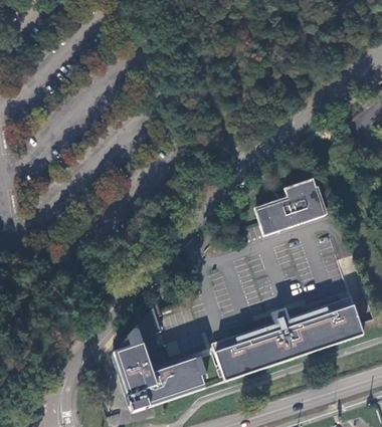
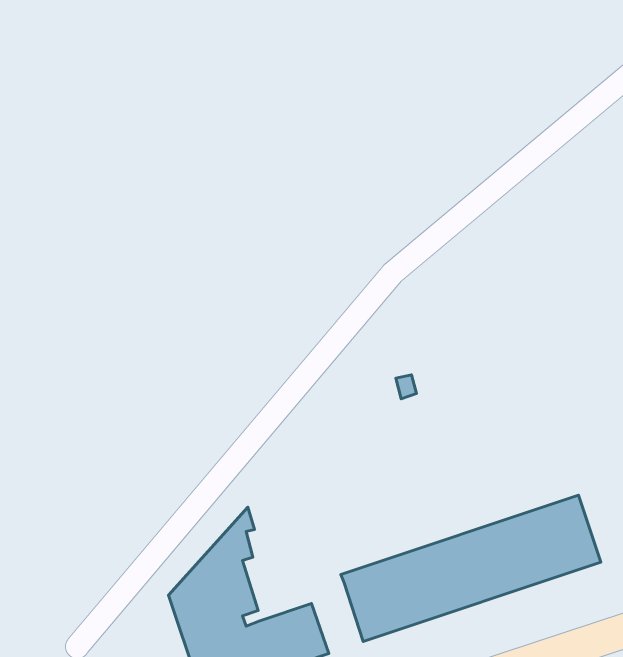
building: [258,176,329,232] -> none

